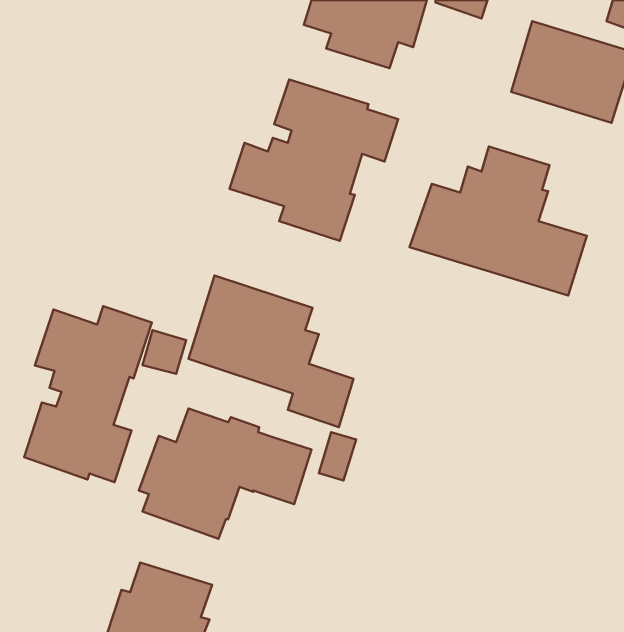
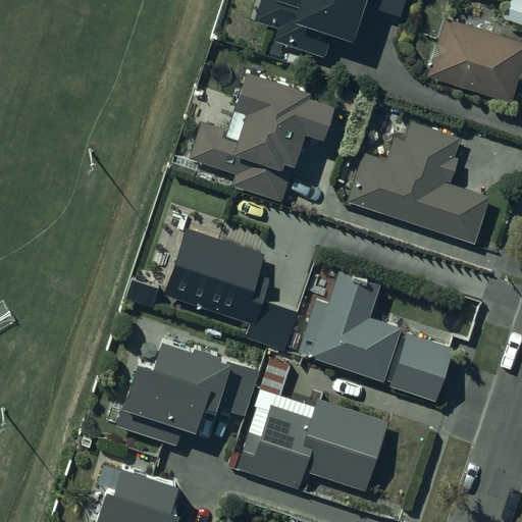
building: [24,306,152,482] -> none
building: none -> [299,272,450,401]
building: none -> [237,399,384,490]

